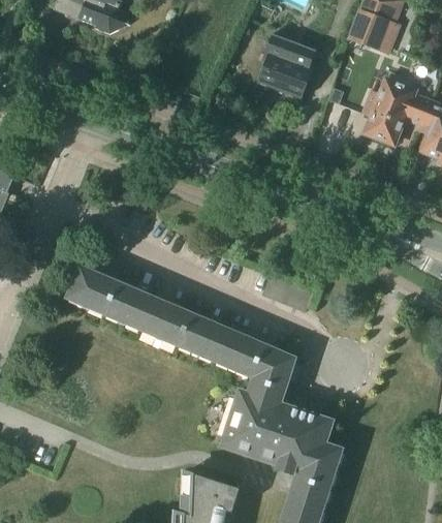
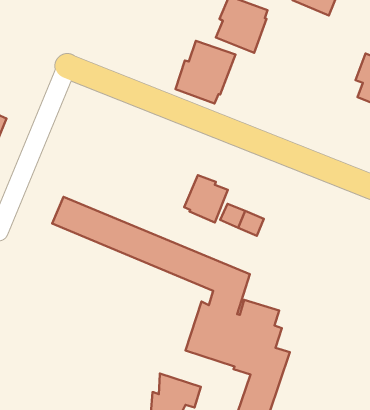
building: [364,74,431,145] -> none
building: none -> [176,41,235,104]
building: none -> [184,175,228,222]

